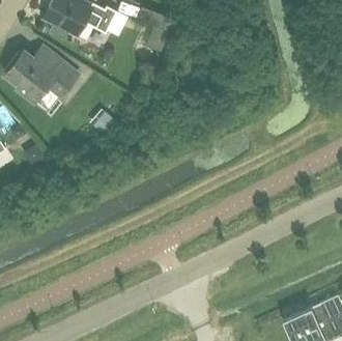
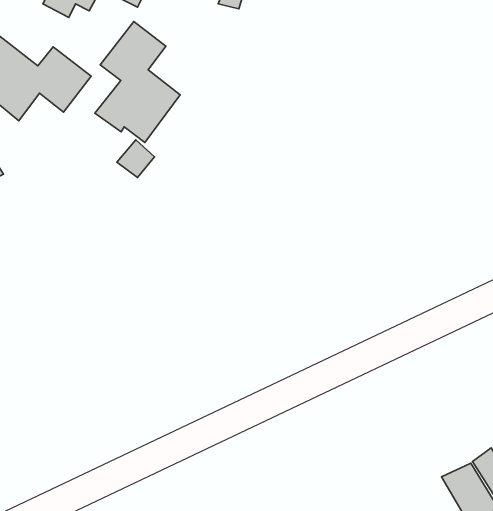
building: none -> [95,21,180,142]

